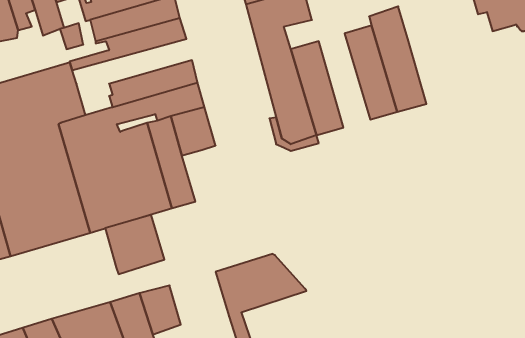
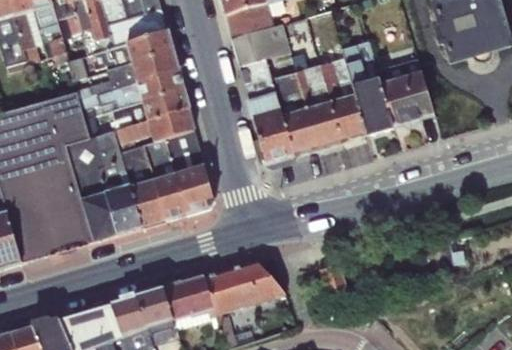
building: none -> [374,58,431,127]
building: none -> [294,64,340,148]
building: none -> [74,69,181,112]
building: none -> [172,164,212,214]
building: [105,215,164,274] -> [161,277,214,330]

